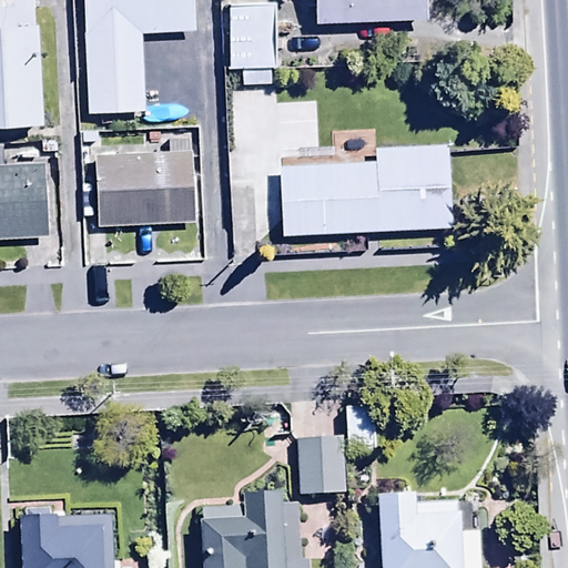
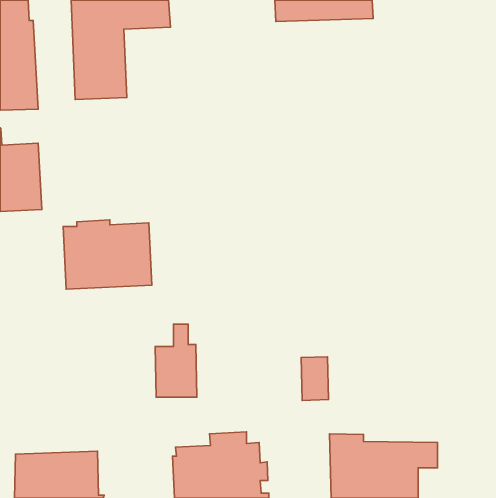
building: [227,6,273,70] -> none
building: [278,145,452,235] -> none
building: [94,148,195,226] -> [63,220,152,289]
building: [297,415,345,498] -> [155,324,197,397]

